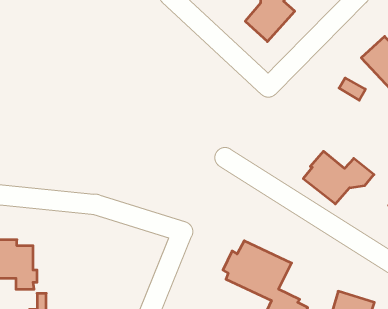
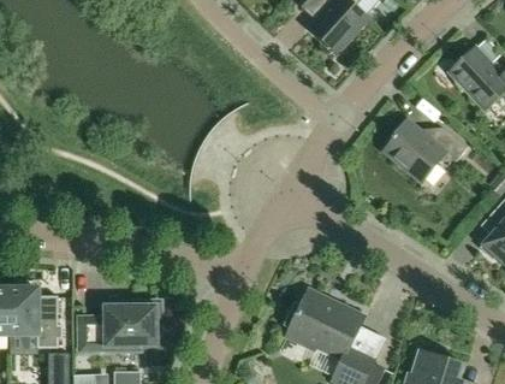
building: [303,151,374,204] -> [382,118,467,181]
building: none -> [78,301,158,345]

